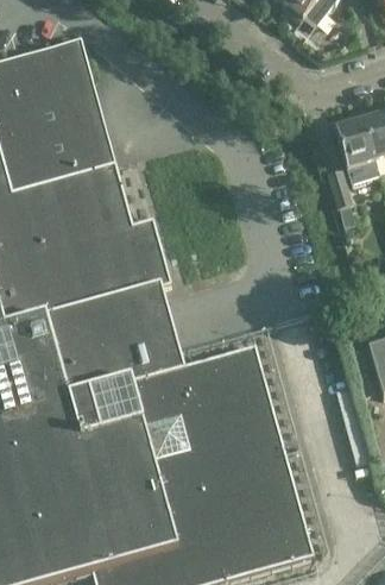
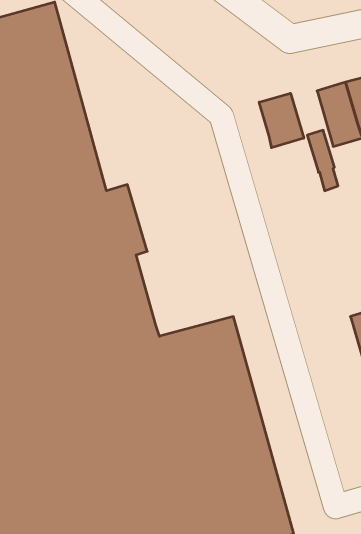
building: none -> [259,93,304,148]

